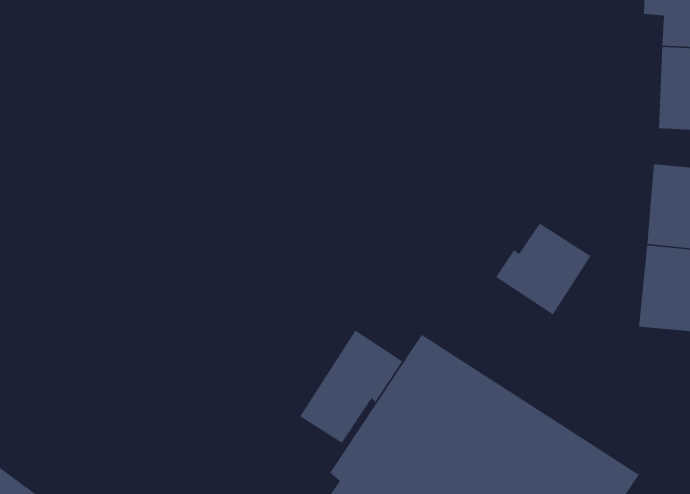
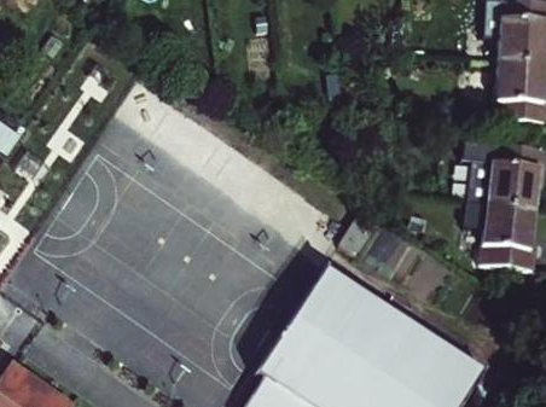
building: [495,223,591,315] -> none
building: [299,329,403,444] -> none

